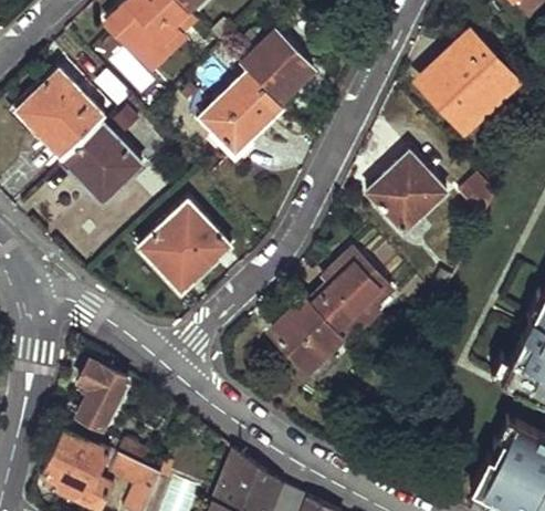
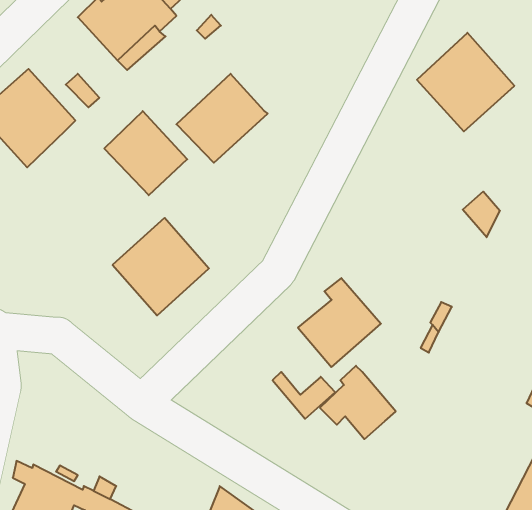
building: [242,22,324,105] -> none
building: [60,123,136,200] -> [104,111,187,195]
building: [358,149,443,237] -> none
building: [270,299,339,366] -> [320,366,396,439]
building: [80,362,129,429] -> none

